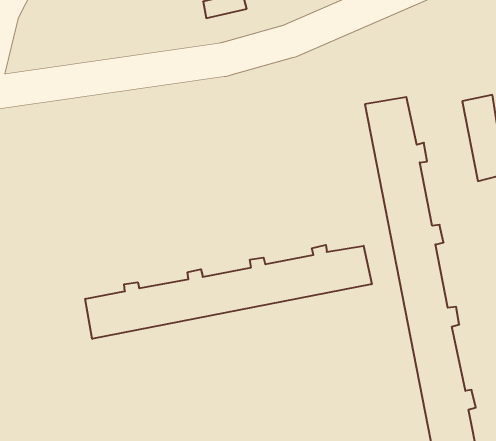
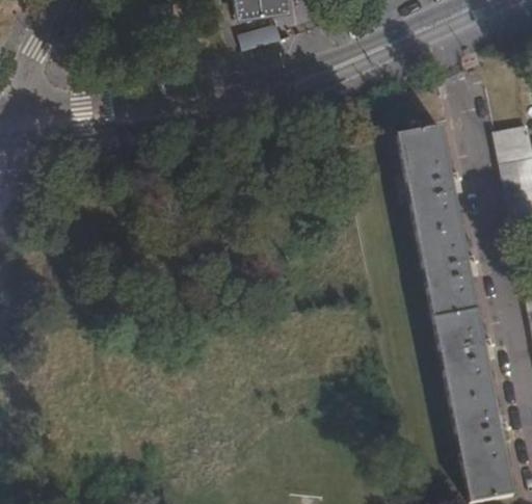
building: [85,245,372,339] -> none

